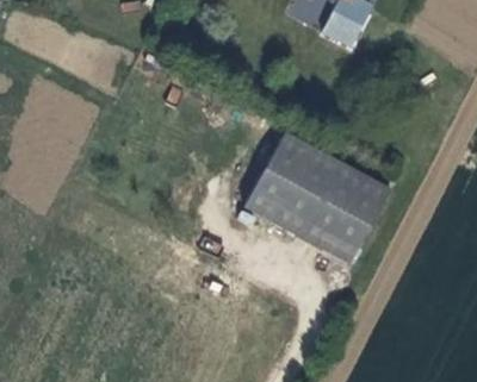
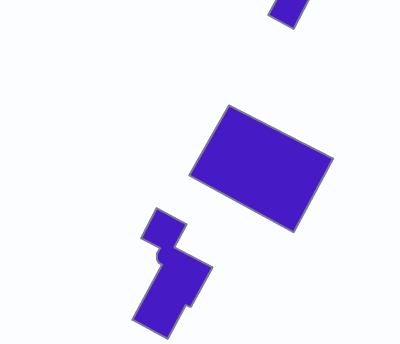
building: none -> [132,208,212,339]

